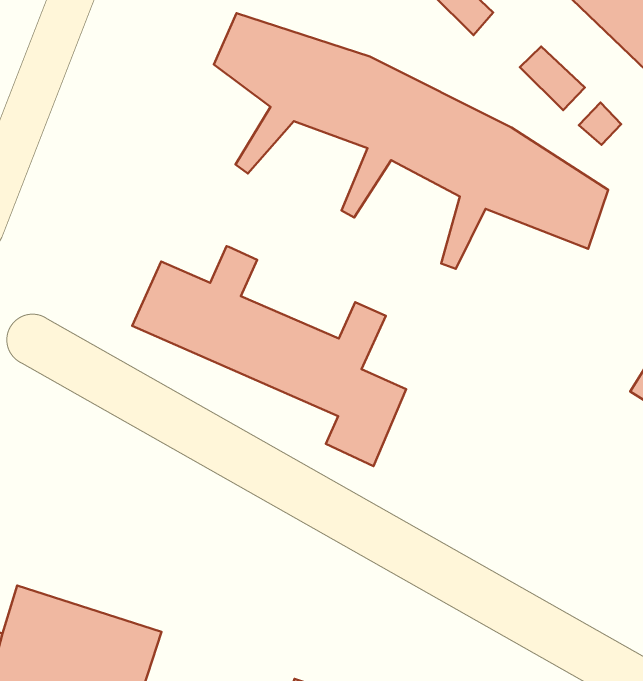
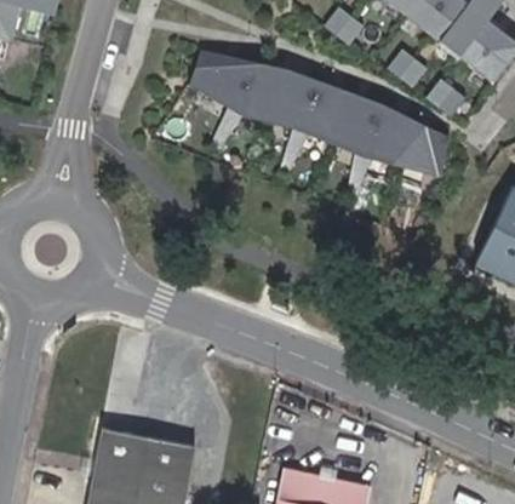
building: [132,246,406,466] -> none

